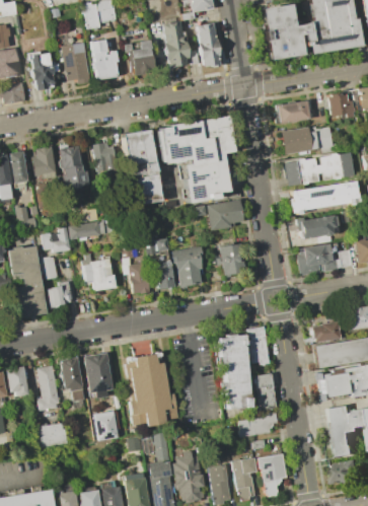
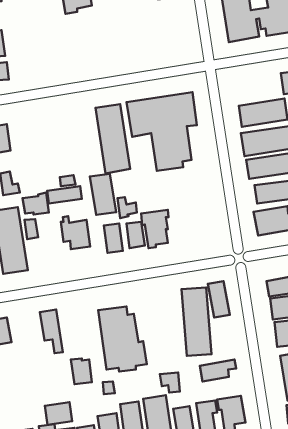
building: [162,21,192,69] -> none
building: [196,21,219,68] -> none
building: [89,40,119,80] -> none
building: [125,41,154,76] -> none
building: [62,42,91,83] -> none
building: [30,52,53,89] -> none
building: [276,99,312,124] -> none
building: [91,141,116,174] -> none
building: [57,145,86,191] -> [90,174,116,215]
building: [29,146,56,180] -> none
building: [207,200,242,230] -> none
building: [218,243,245,276] -> none
building: [46,282,72,307] -> none
building: [83,352,113,397] -> none
building: [38,365,59,410] -> none
building: [254,373,276,410] -> none
building: [36,422,67,447] -> [45,402,72,425]
building: [147,434,169,456] -> [160,372,180,393]

